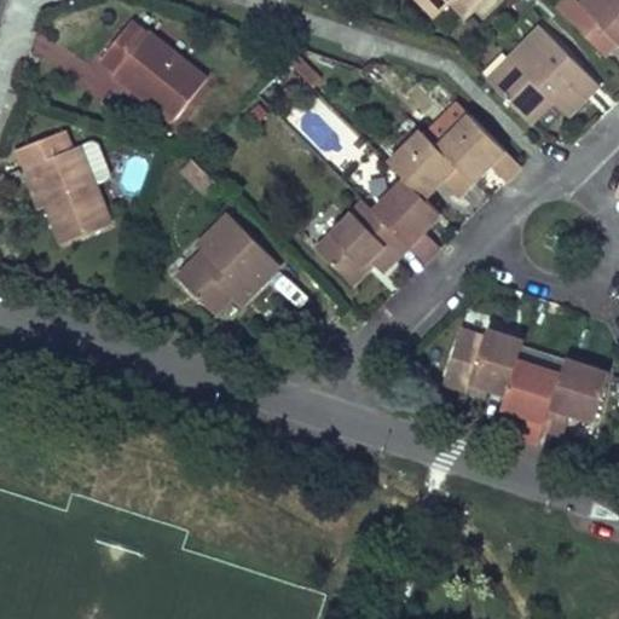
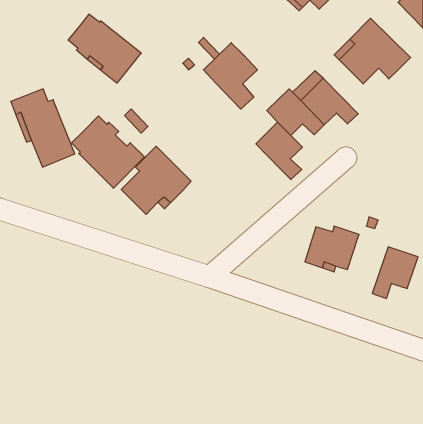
building: none -> [203,43,257,109]
building: none -> [72,116,144,188]
building: [316,201,407,284] -> none
building: [501,345,565,444] -> none

